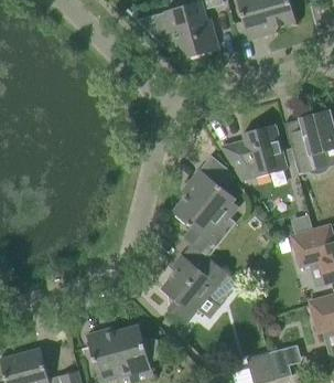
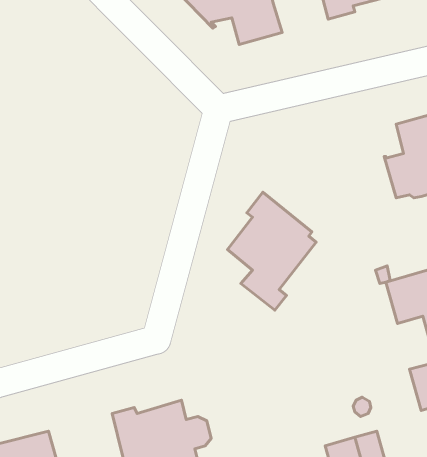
building: [223,124,288,179] -> none
building: [162,254,240,322] -> none

